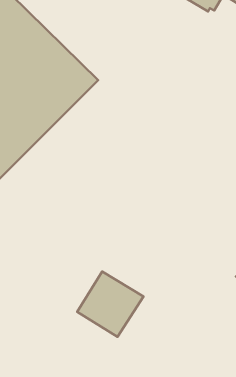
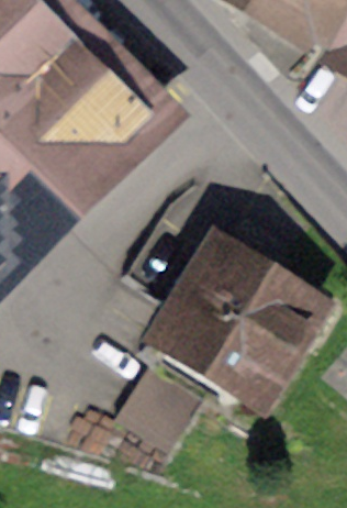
building: none -> [156,243,303,386]

